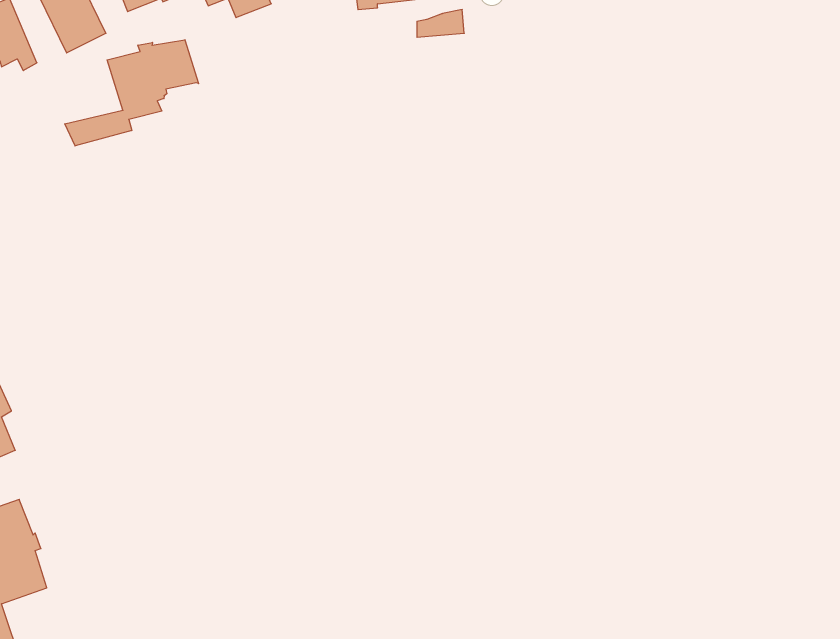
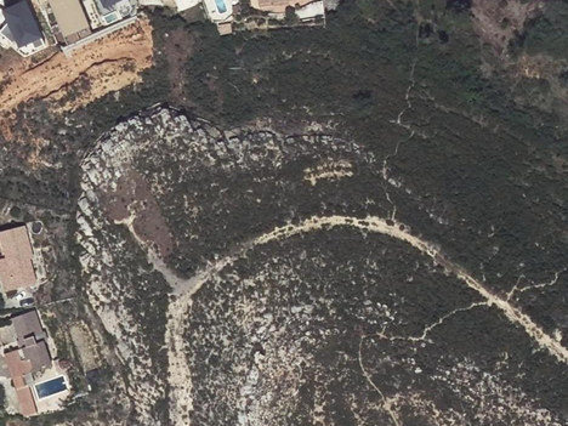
building: [65,40,199,146] -> none

